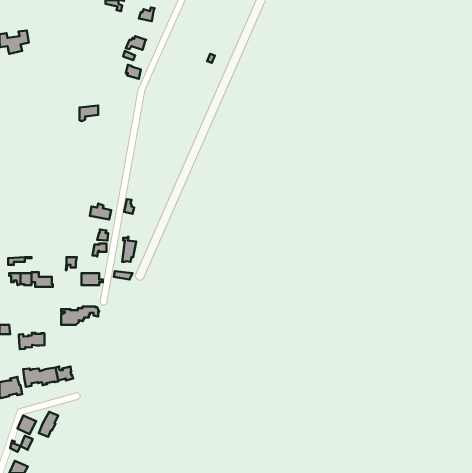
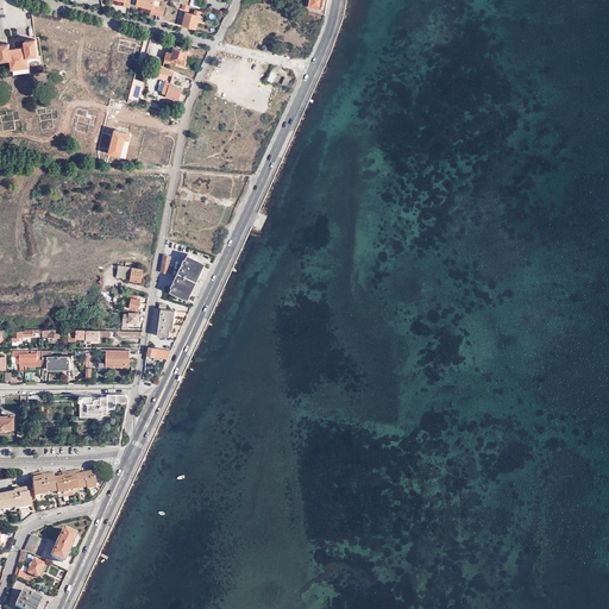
building: none -> [169,255,203,300]
building: [19,333,45,349] -> none

